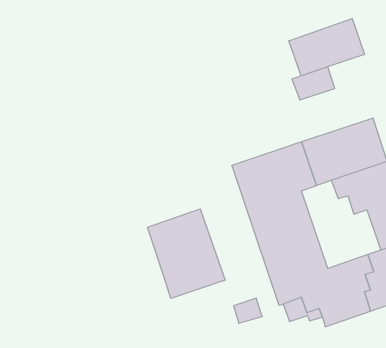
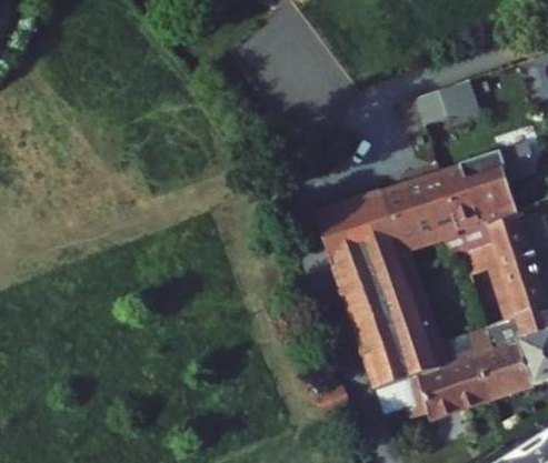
building: [289,18,364,76] -> none
building: [147,209,225,298] -> none

